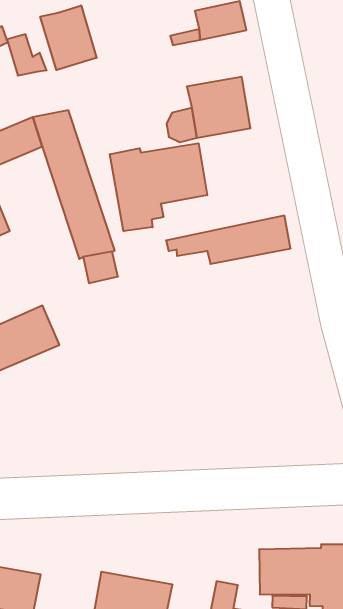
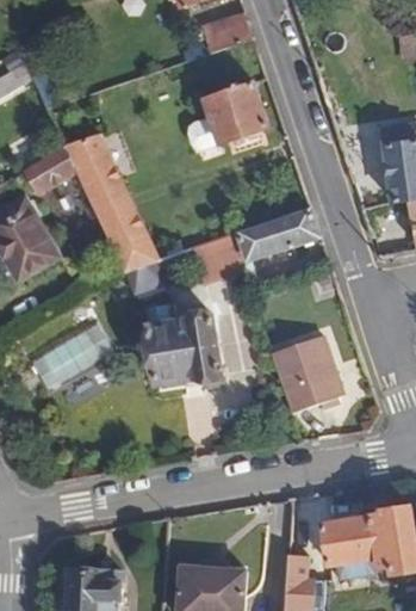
building: [40,5,97,70] -> none
building: [110,143,207,231] -> none
building: none -> [143,304,222,393]
building: none -> [273,337,348,414]

